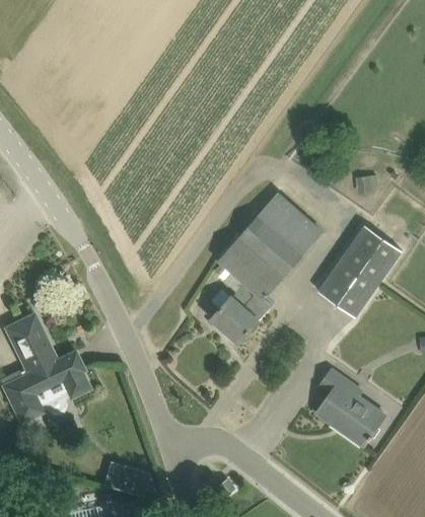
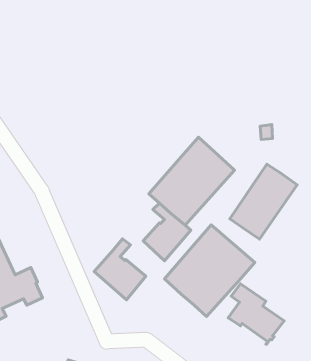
building: none -> [164,225,255,316]
building: none -> [94,239,146,300]

